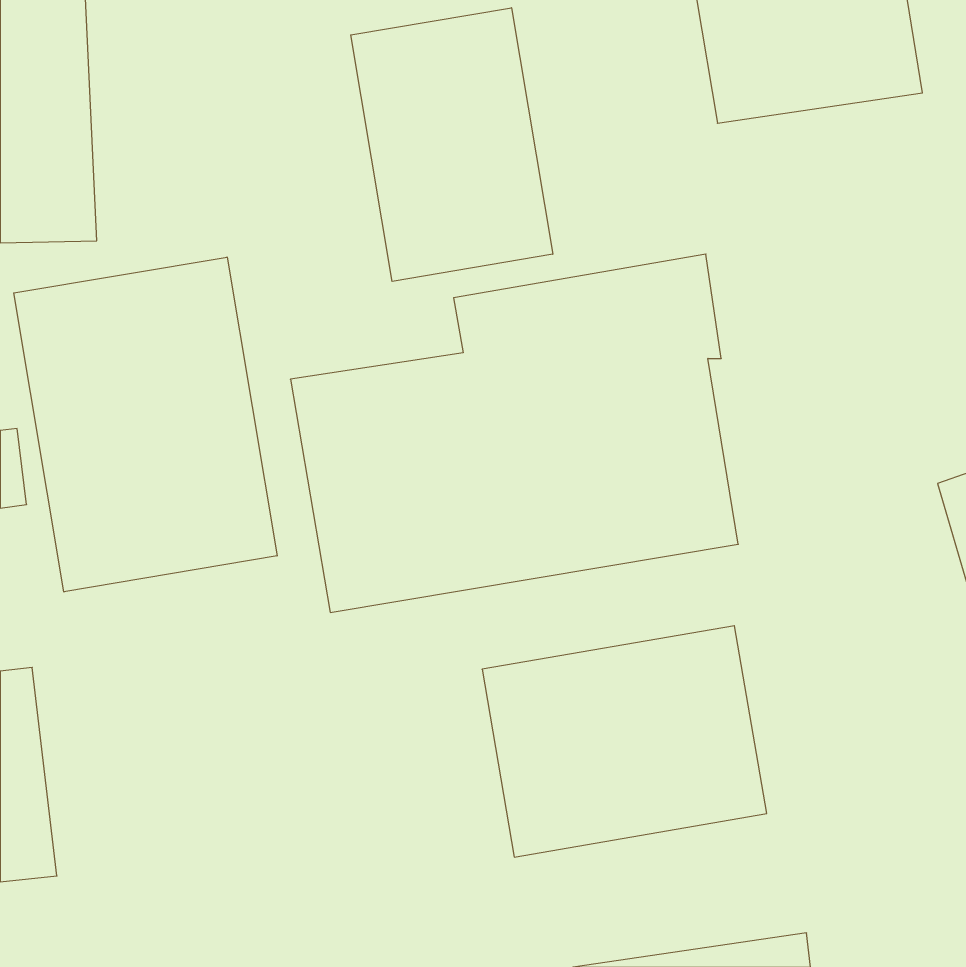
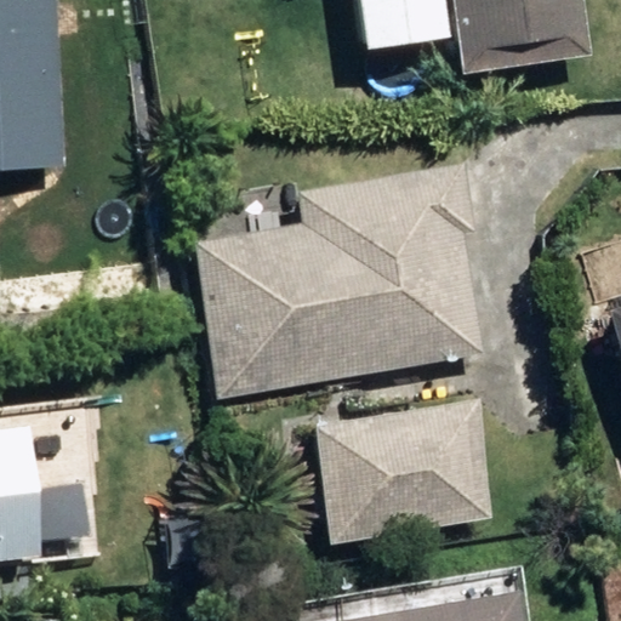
building: [351,8,553,281] -> none
building: [14,257,277,592] -> none

